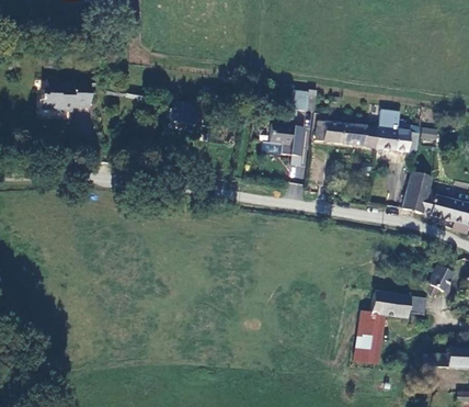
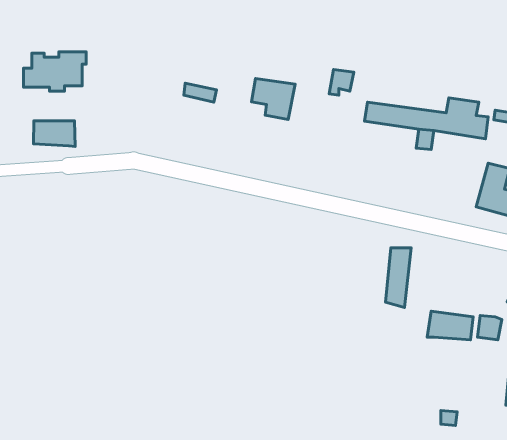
building: [271,123,306,156] -> [252,79,295,119]
building: none -> [34,121,75,147]
building: [354,313,375,361] -> [385,248,411,308]

